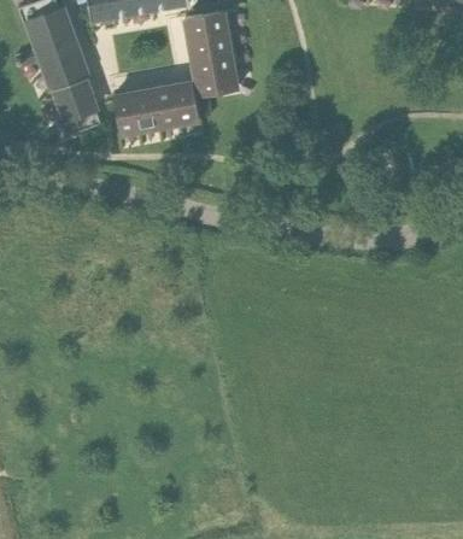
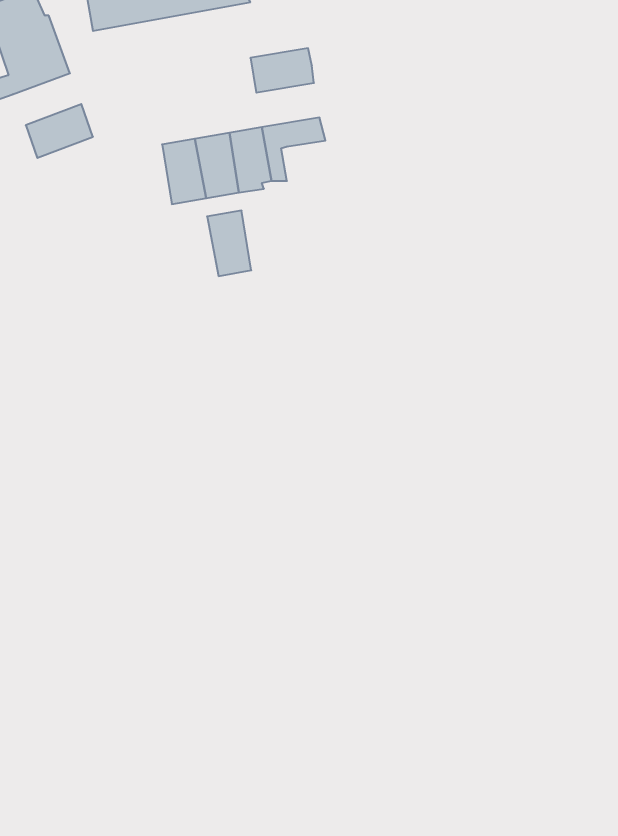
building: [186,11,225,39] -> none
building: [40,48,83,81] -> none
building: [193,54,233,82] -> none
building: [55,88,101,137] -> none
building: [112,93,140,134] -> [207,211,251,276]

